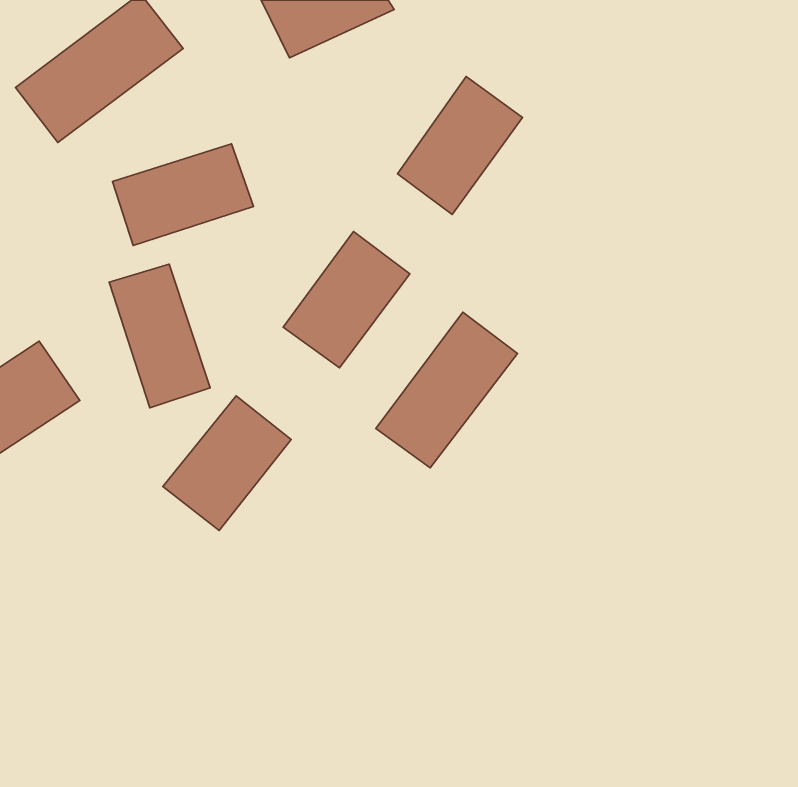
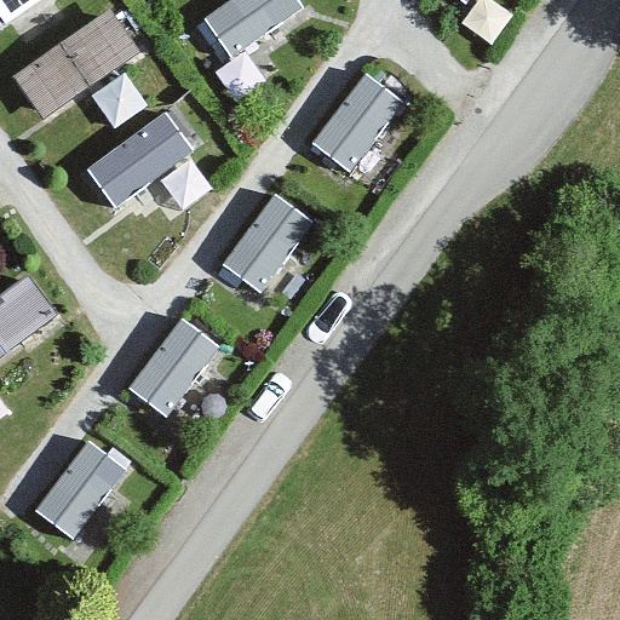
building: [109,264,210,408] -> none
building: [376,312,518,468] -> none
building: none -> [34,437,127,540]

